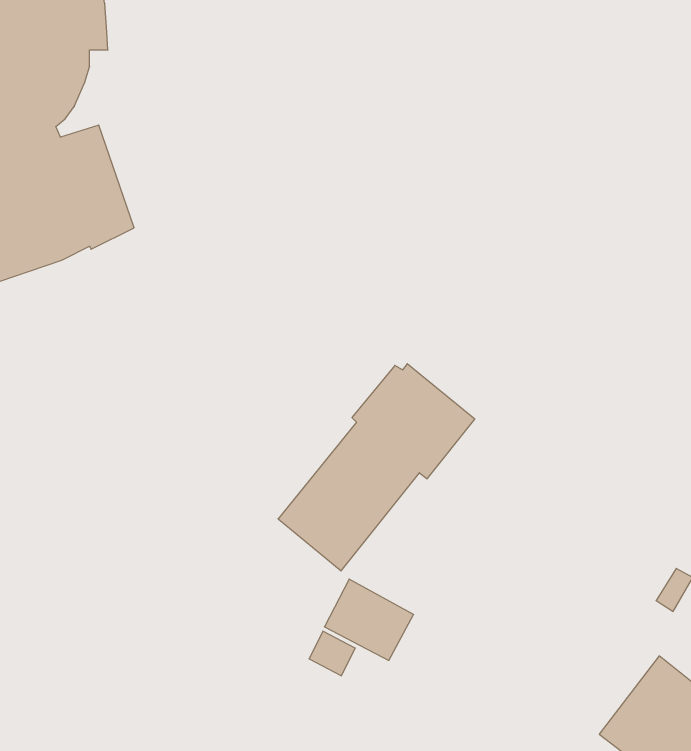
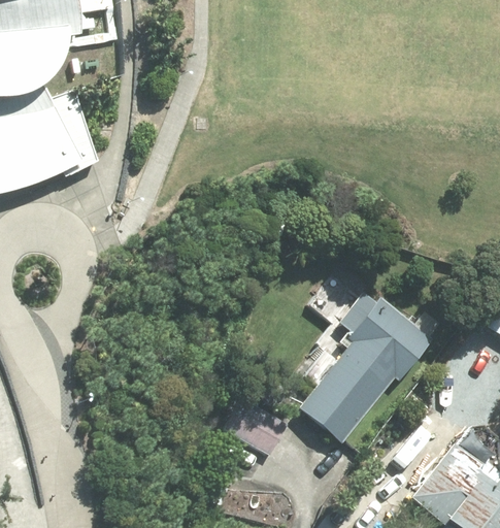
building: [278,364,475,571] -> [298,301,430,440]

